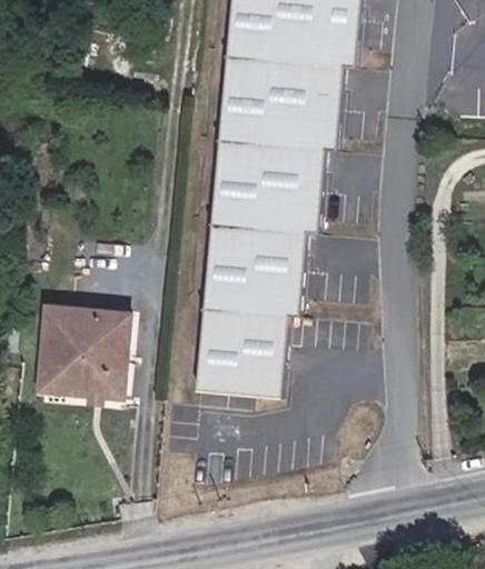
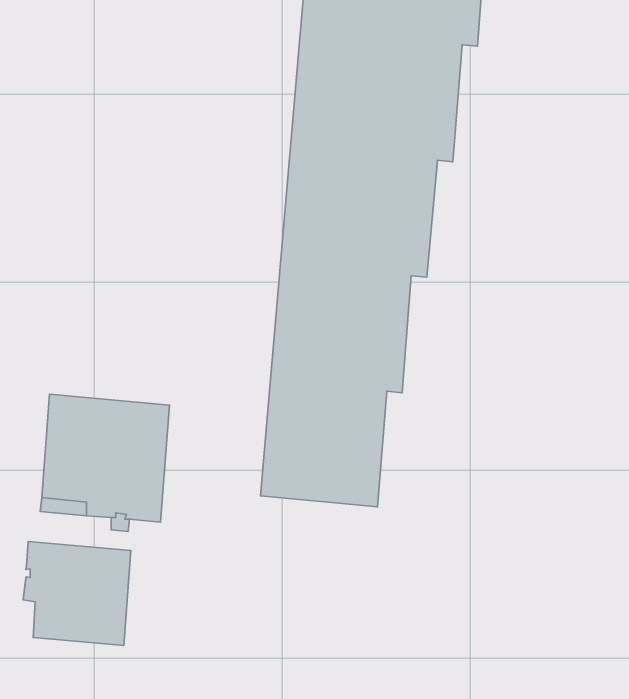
building: none -> [23,541,131,646]

